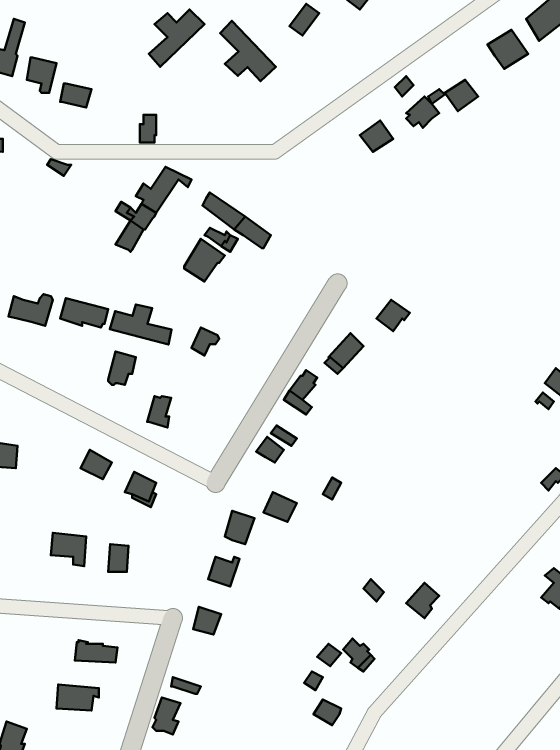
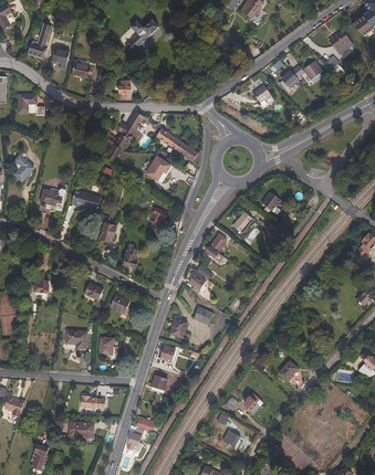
building: [220,21,276,81] -> none
building: [110,305,171,345] -> none

